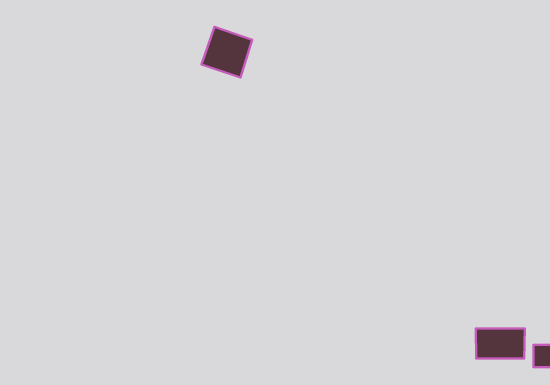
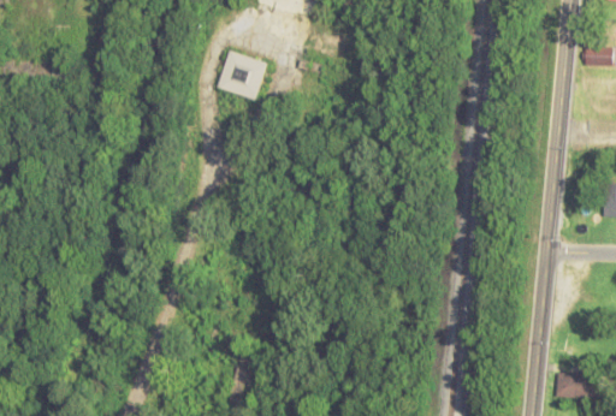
building: [476,328,525,359] -> none

